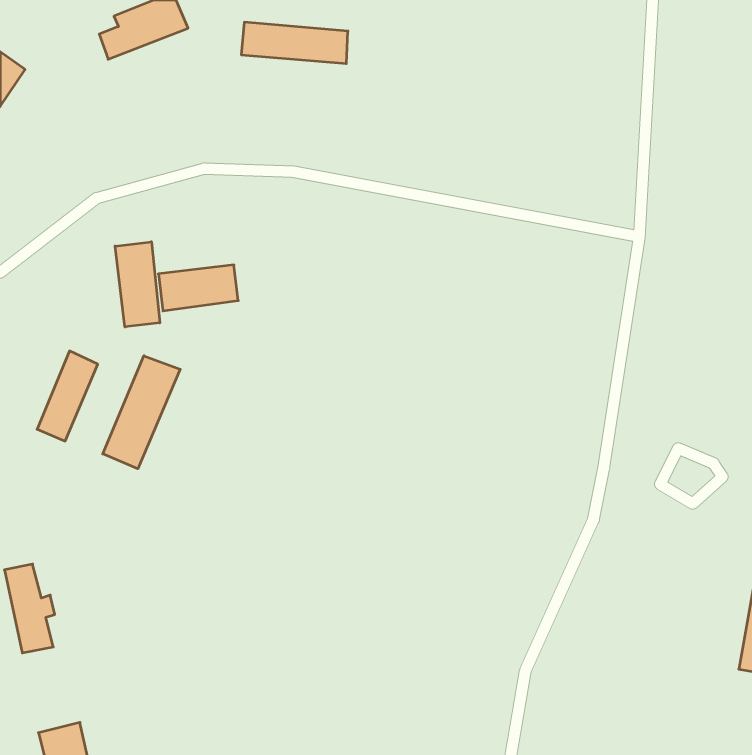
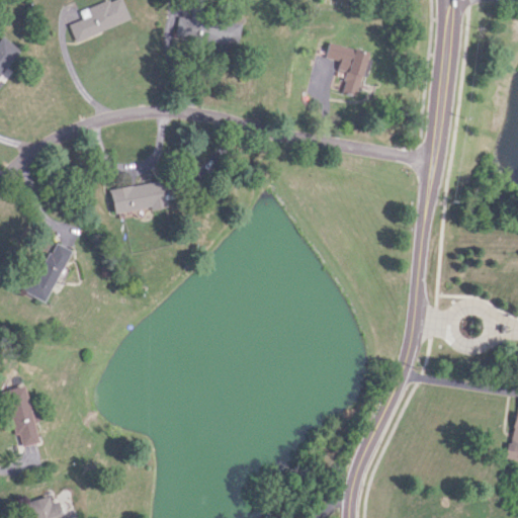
building: none -> [326,42,371,96]
building: [115,242,160,327] -> none
building: [103,356,180,469] -> none

